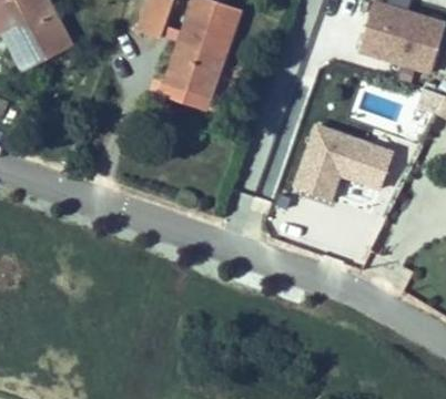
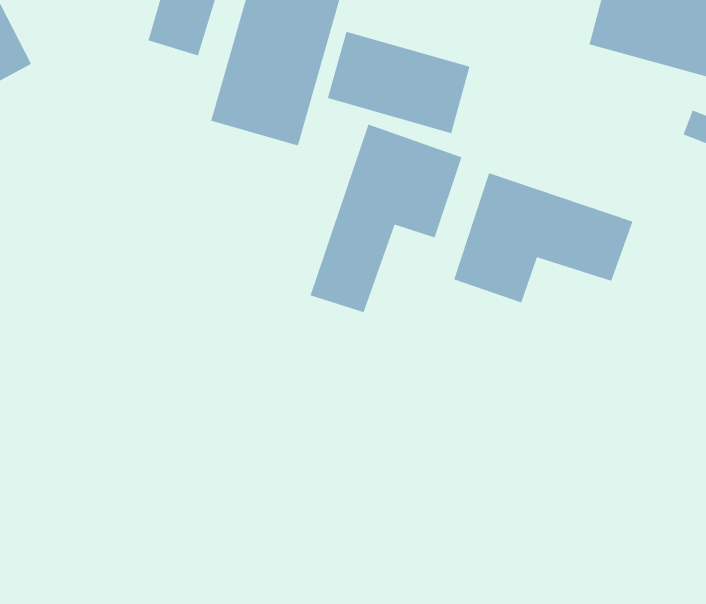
building: none -> [327,31,471,134]
building: none -> [309,123,463,313]

